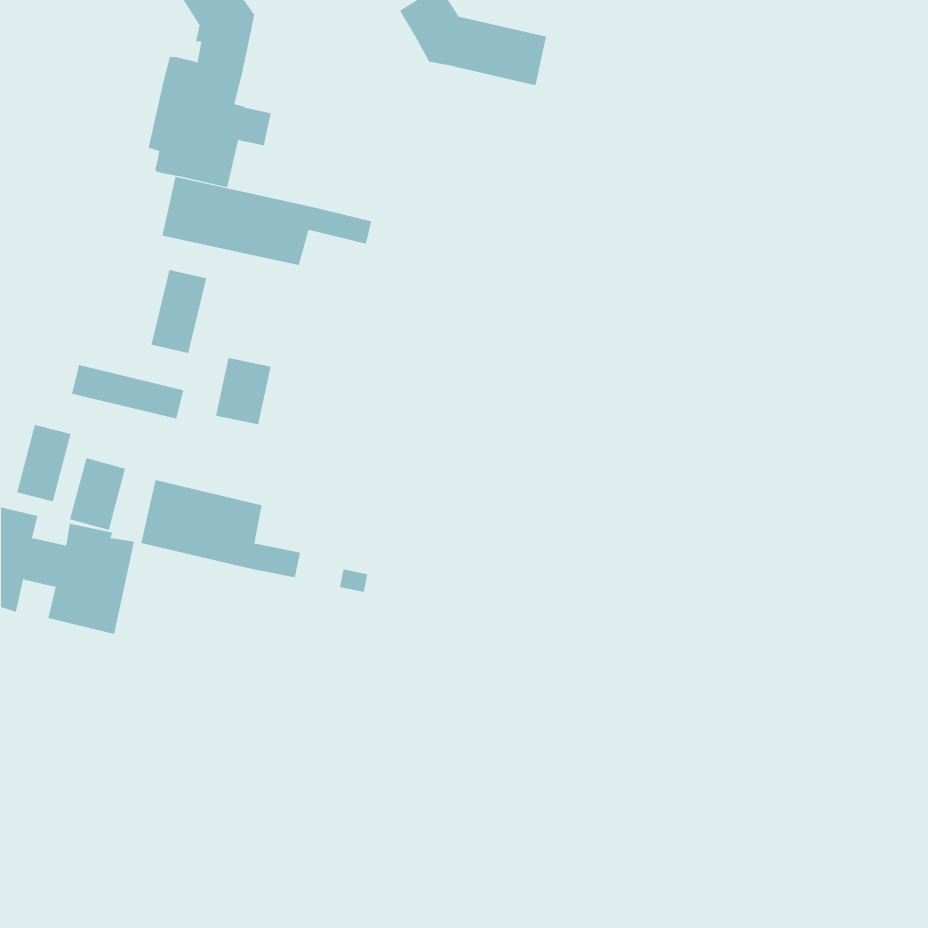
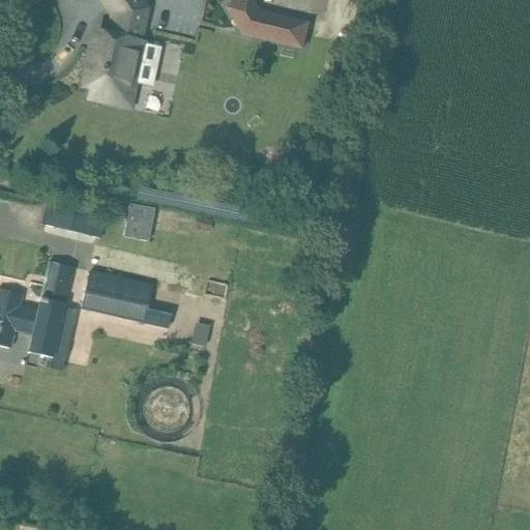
building: [162,176,372,266] -> none
building: [151,269,207,354] -> none
building: [16,424,71,502] -> none

